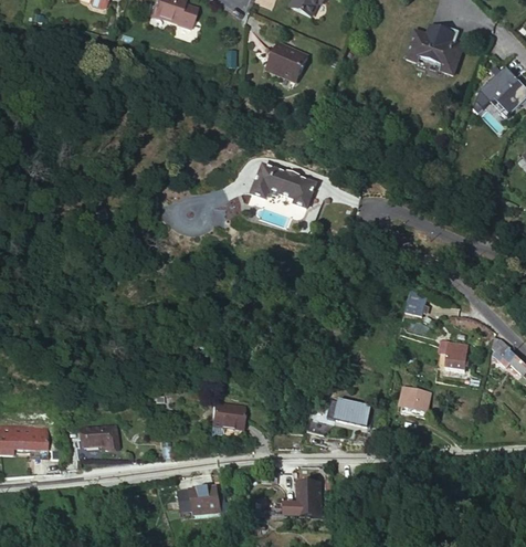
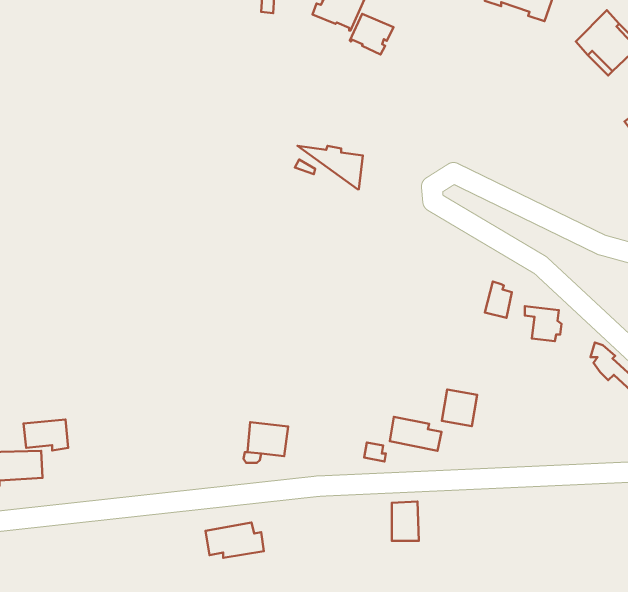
building: none -> [350,14,393,55]
building: [441,341,471,370] -> [525,306,562,341]
building: [402,386,431,415] -> [442,390,477,426]
building: [82,423,118,449] -> [24,419,68,451]
building: [298,481,320,513] -> [392,502,419,541]

